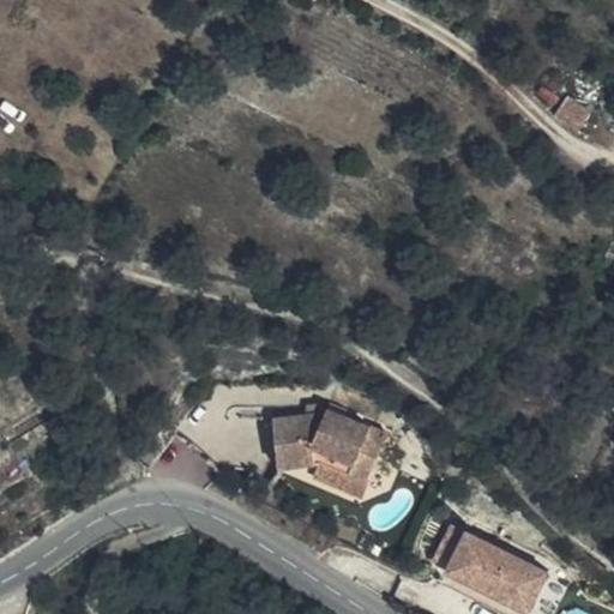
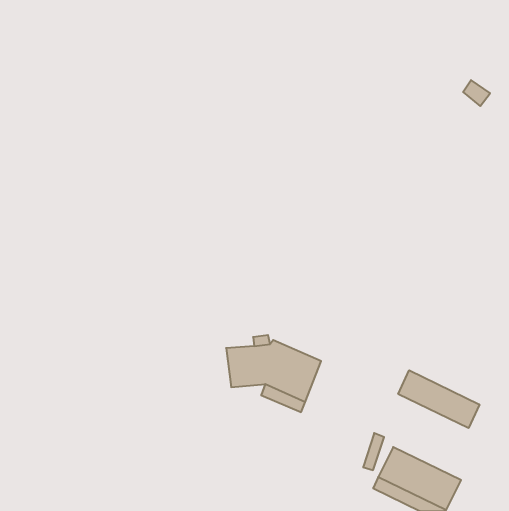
building: none -> [398,370,479,428]

